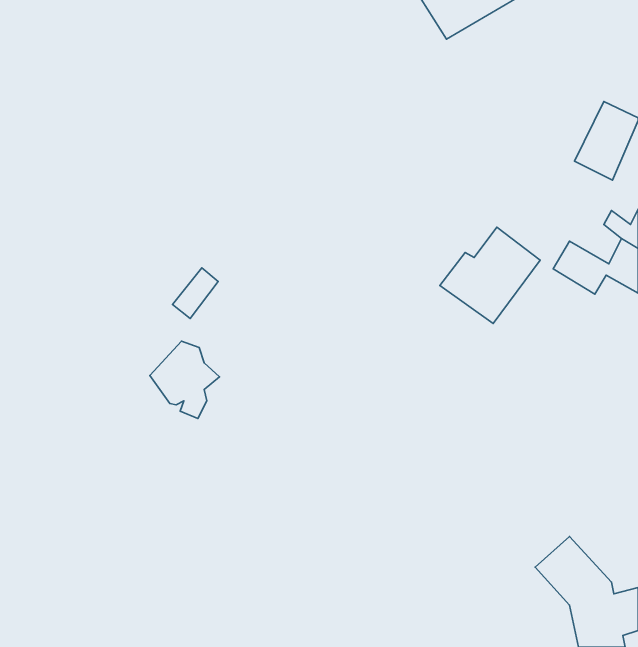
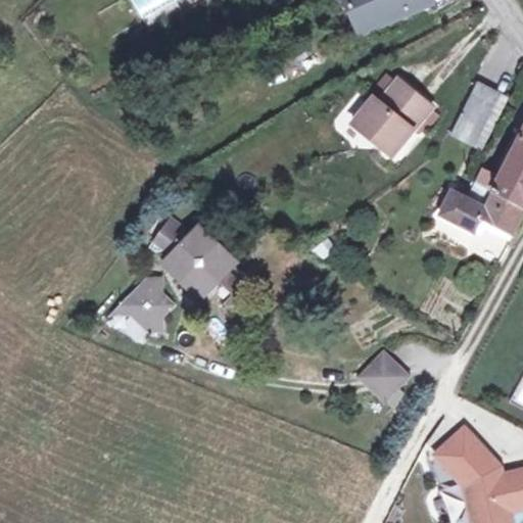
building: [440,227,540,324] -> [362,72,442,149]
building: none -> [167,222,236,283]
building: none -> [346,351,406,408]

